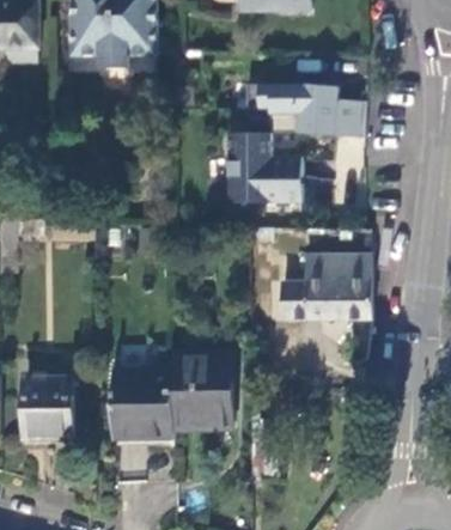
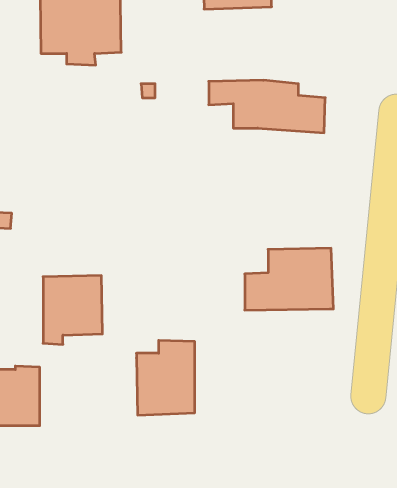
building: [227,133,301,202] -> none
building: [111,368,172,439] -> [43,276,102,344]

